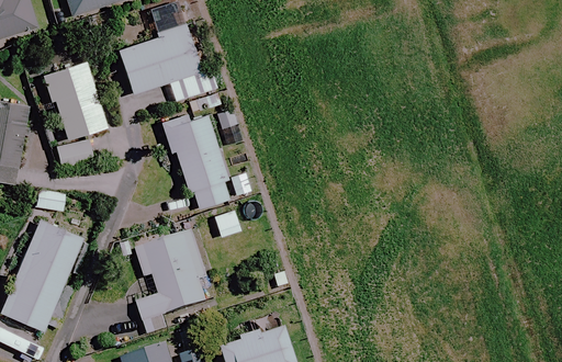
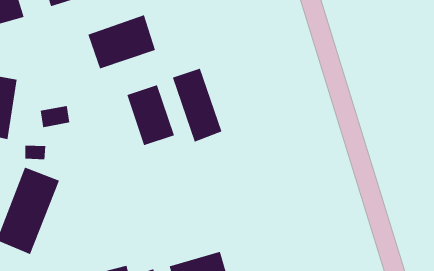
building: [41,61,106,140] -> none
building: none -> [172,68,222,142]
building: [136,228,206,336] -> none

